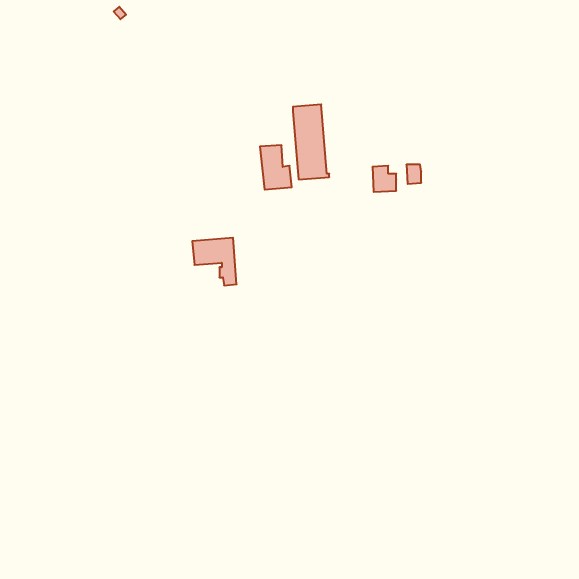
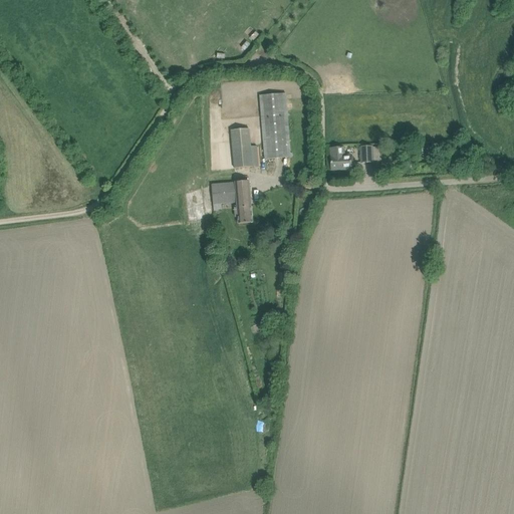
building: [192,238,237,285] -> [212,181,251,223]

